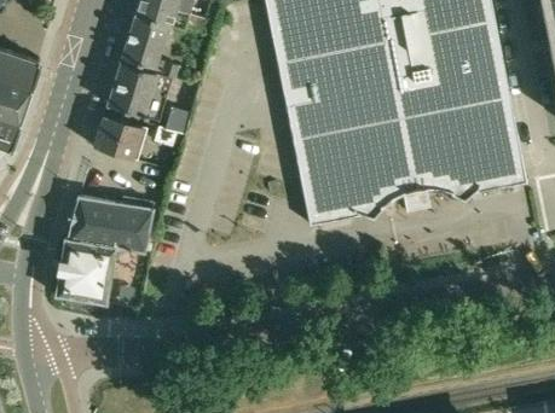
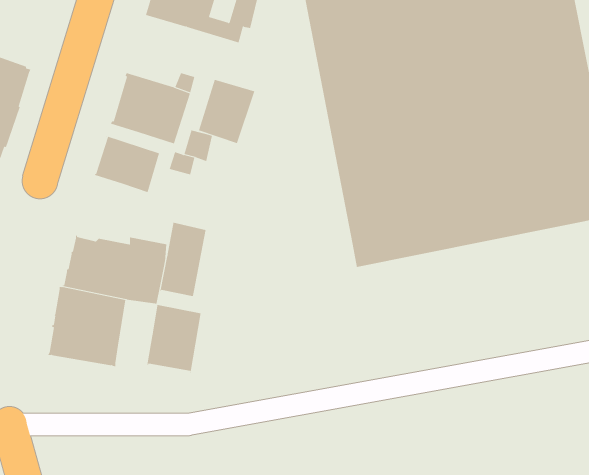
building: [121,14,168,68] -> [198,79,255,144]
building: none -> [160,222,206,299]
building: none -> [147,304,201,374]

